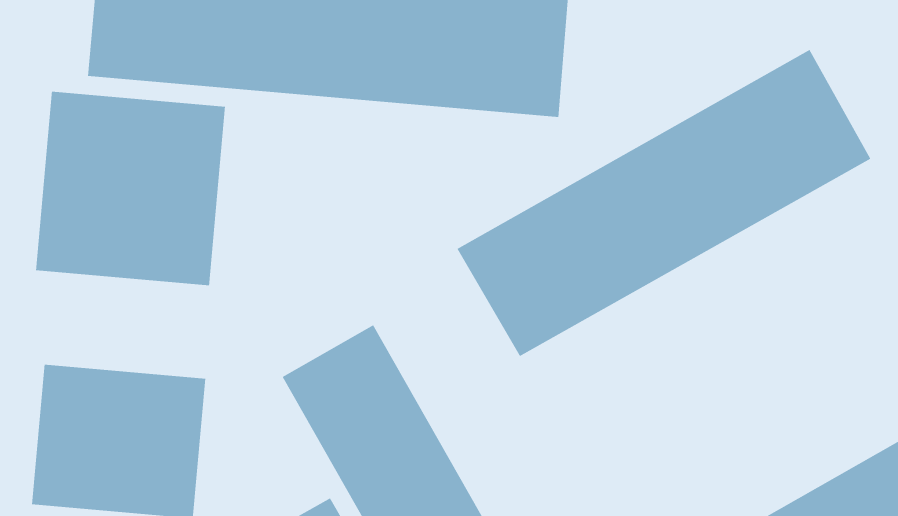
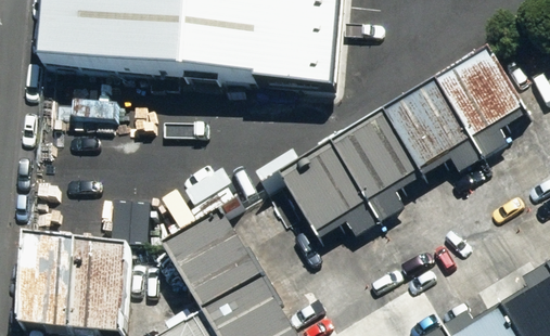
building: [35,91,225,286] -> none

